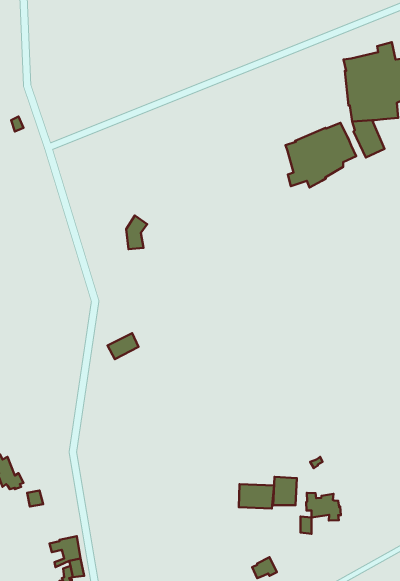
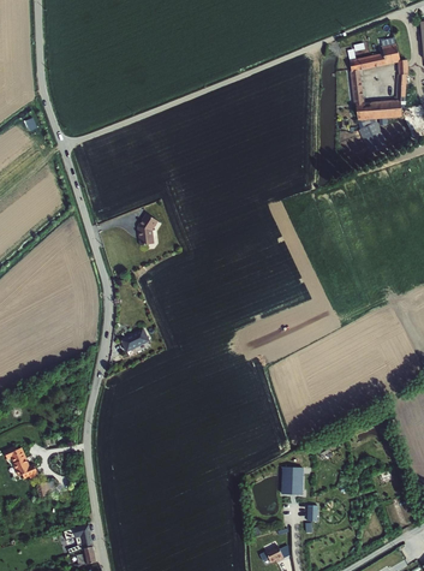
building: [286,123,356,188] -> none
building: [239,484,274,509] -> none
building: [306,493,341,521] -> none

